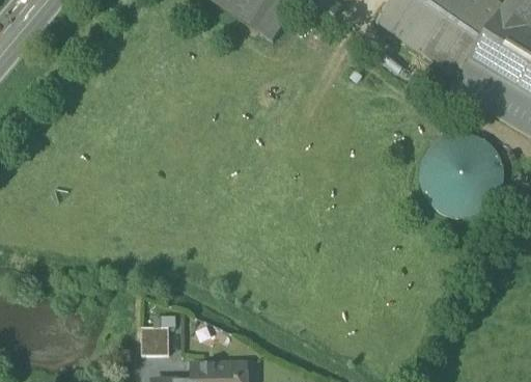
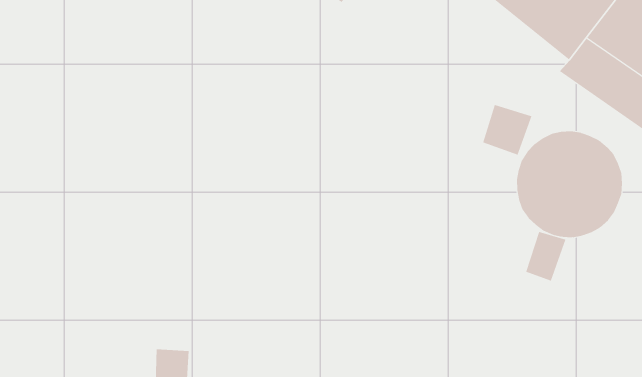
building: none -> [482,104,532,155]
building: none -> [525,231,566,281]

